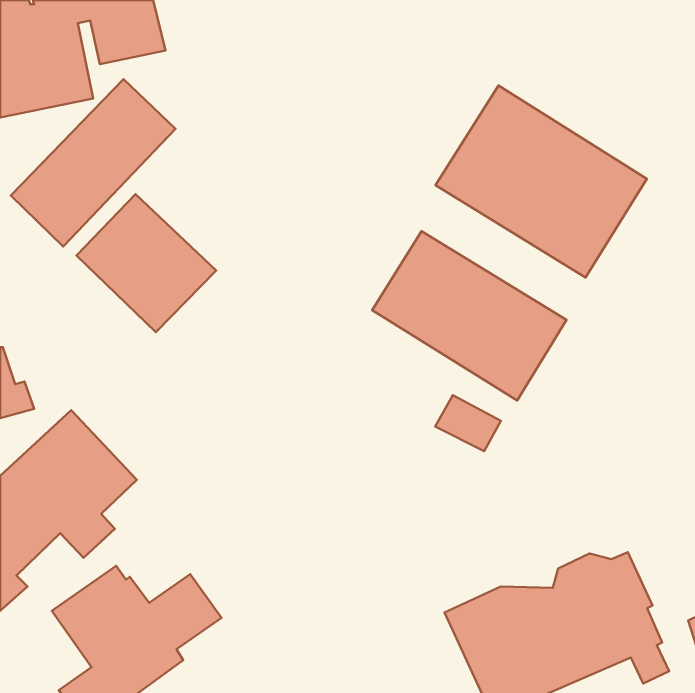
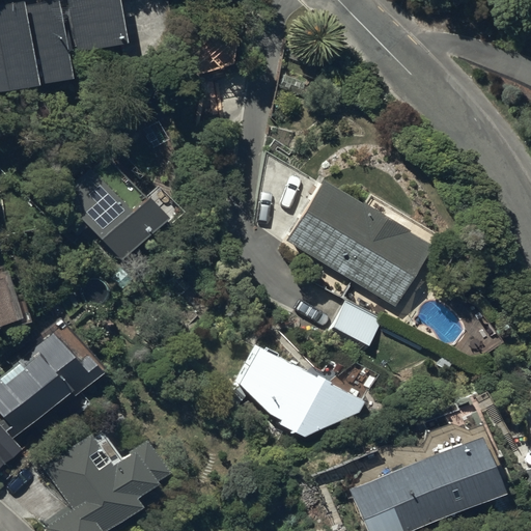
building: [11,79,175,246] -> none
building: [436,86,647,278] -> none
building: none -> [240,347,380,437]

